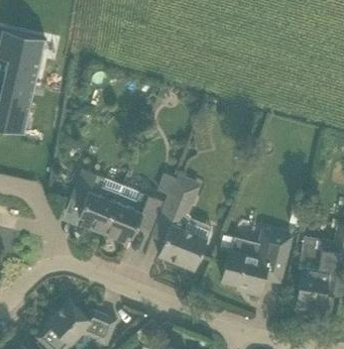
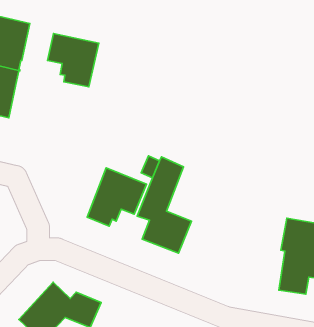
building: none -> [48,33,99,87]
building: [71,168,122,234] -> none
building: [222,230,291,296] -> none

